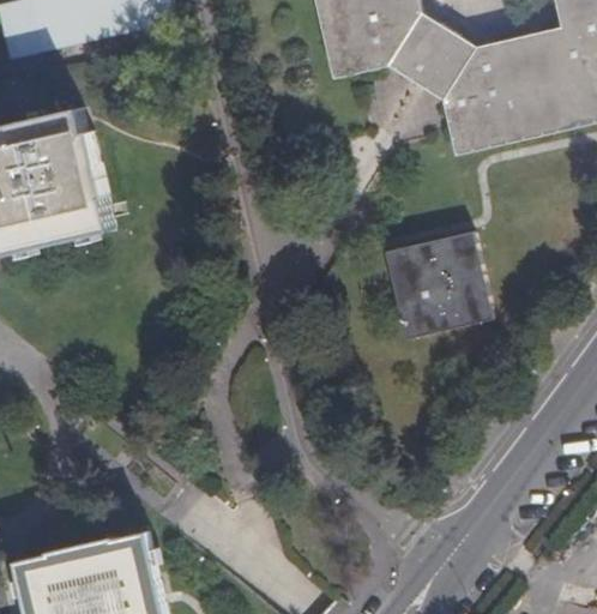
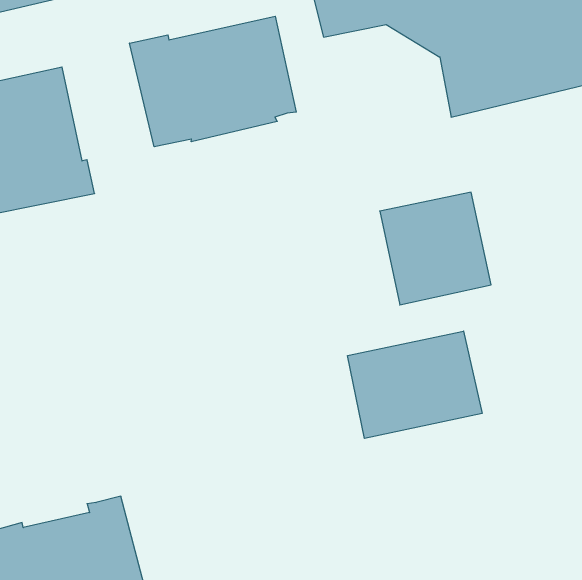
building: none -> [130,16,296,147]
building: none -> [348,331,482,438]

